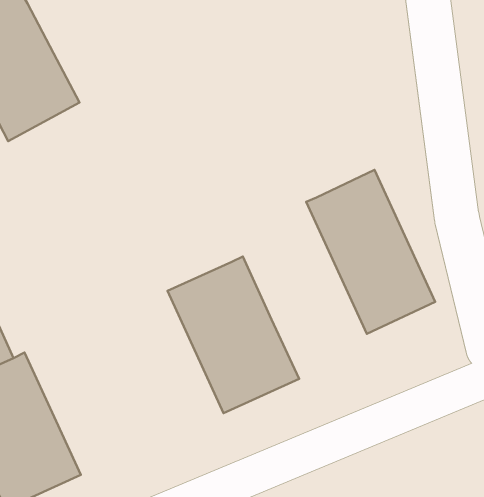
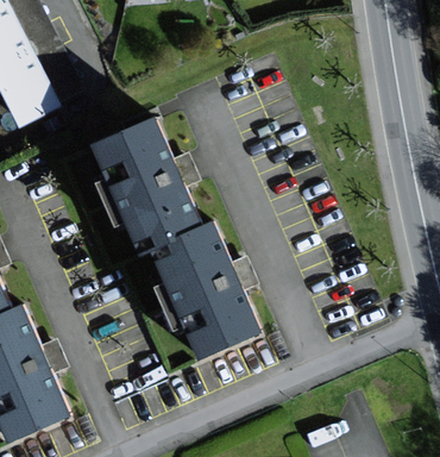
building: none -> [89,117,203,256]
building: [306,170,435,334] -> none

